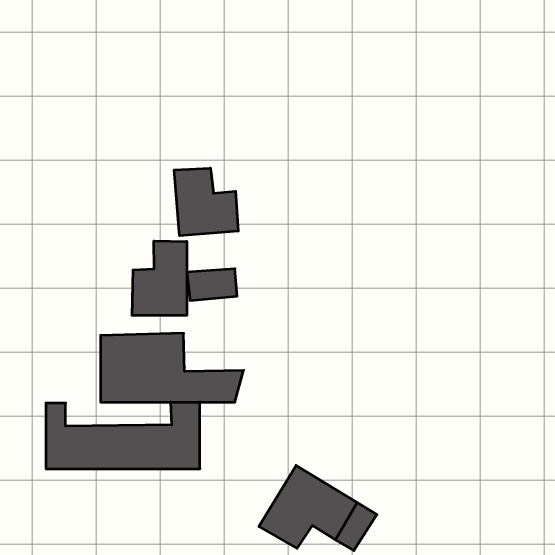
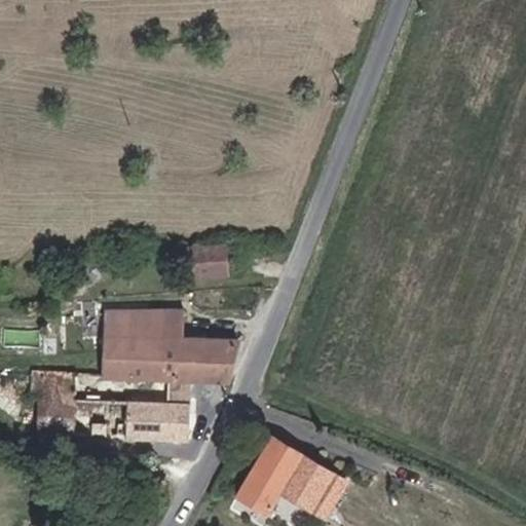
building: [174,168,238,236] -> none
building: [132,241,187,315] -> none

